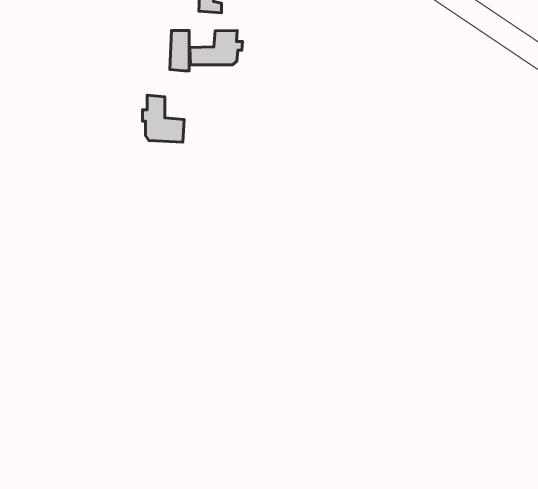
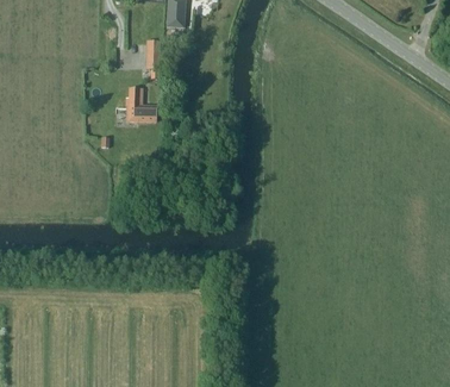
building: [190,30,242,65] -> none

